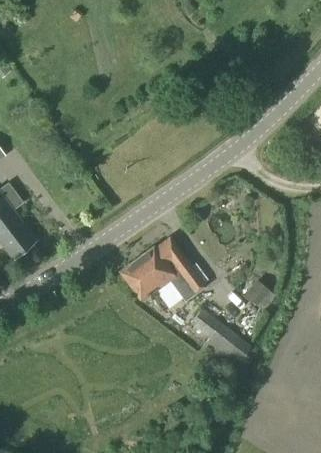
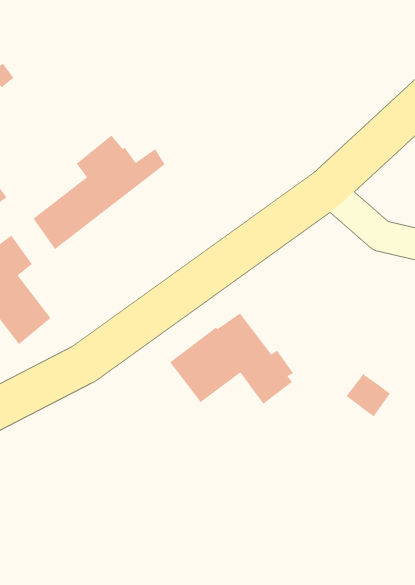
building: none -> [32,134,166,250]
building: [191,309,253,376] -> none

